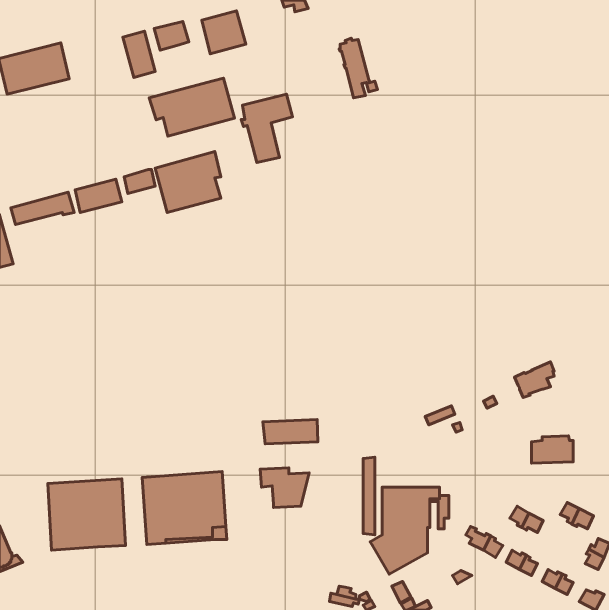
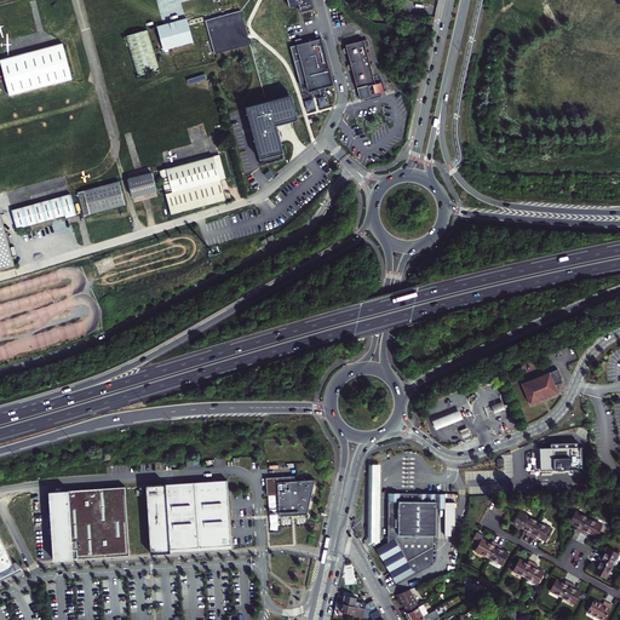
building: none -> [293,38,332,92]
building: [149,78,234,136] -> none
building: [263,419,318,444] -> none

